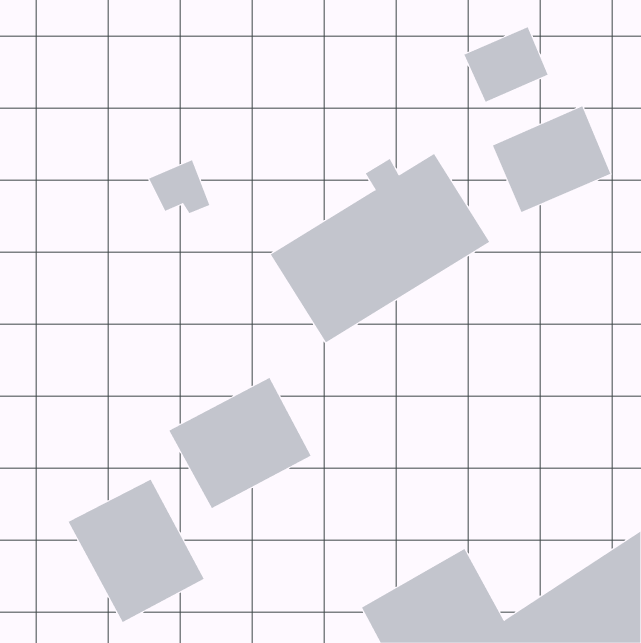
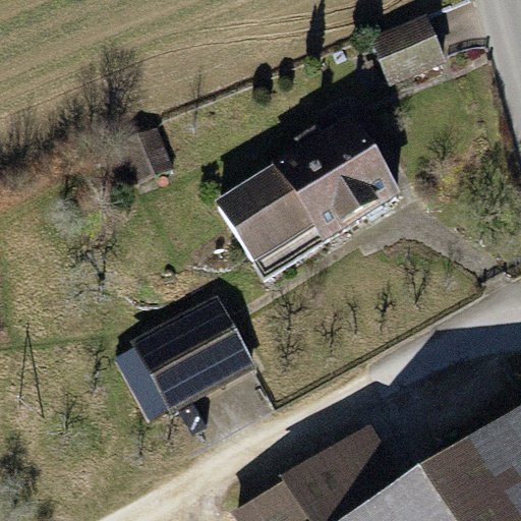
building: [492,106,611,213] -> none
building: [68,479,204,623] -> none

